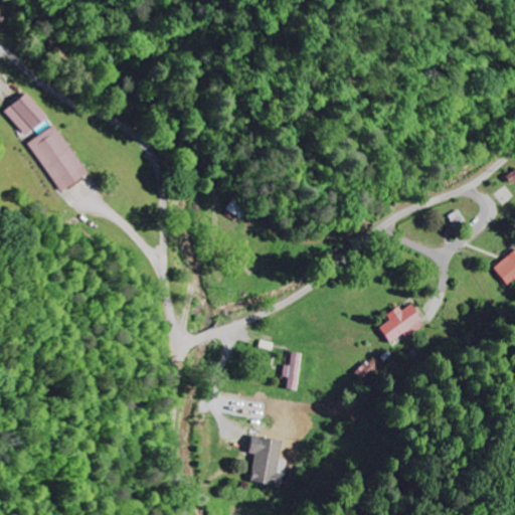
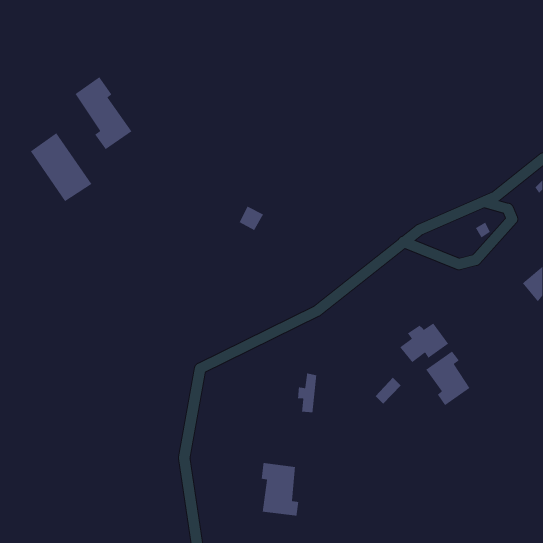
building: none -> [75,76,132,150]
building: [4,93,47,135] -> none
building: none -> [425,351,470,406]

